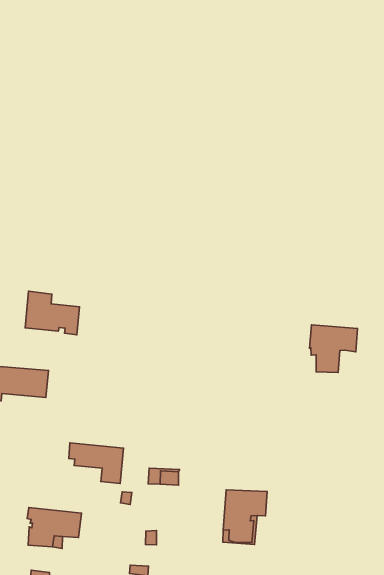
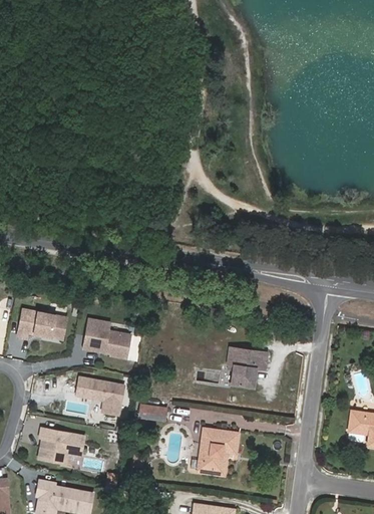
building: [25,291,79,335] -> [83,318,129,357]
building: [310,325,358,372] -> [227,343,268,384]

